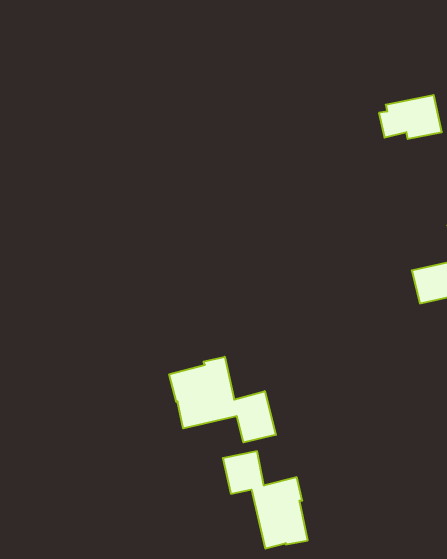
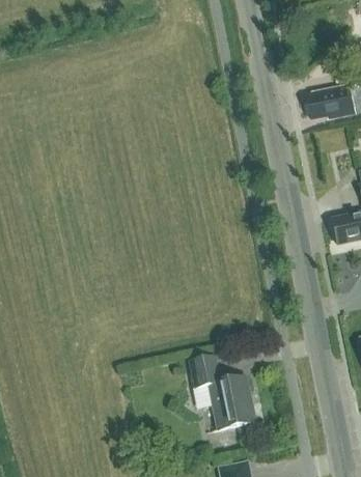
building: [169,357,276,442] -> none

